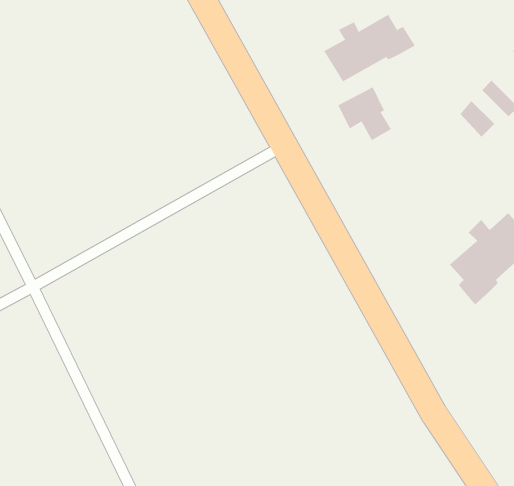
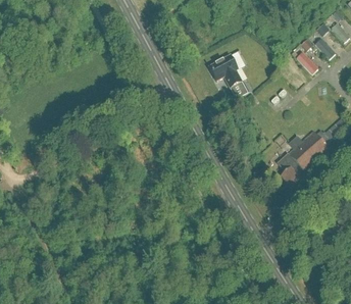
building: [323,14,415,82] -> none

